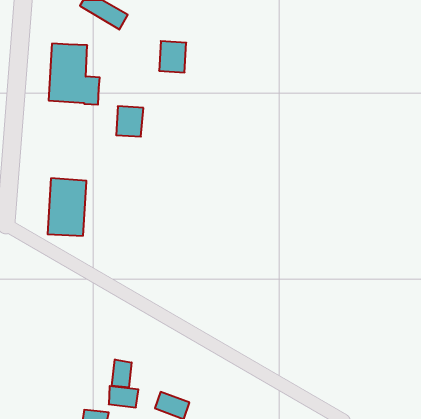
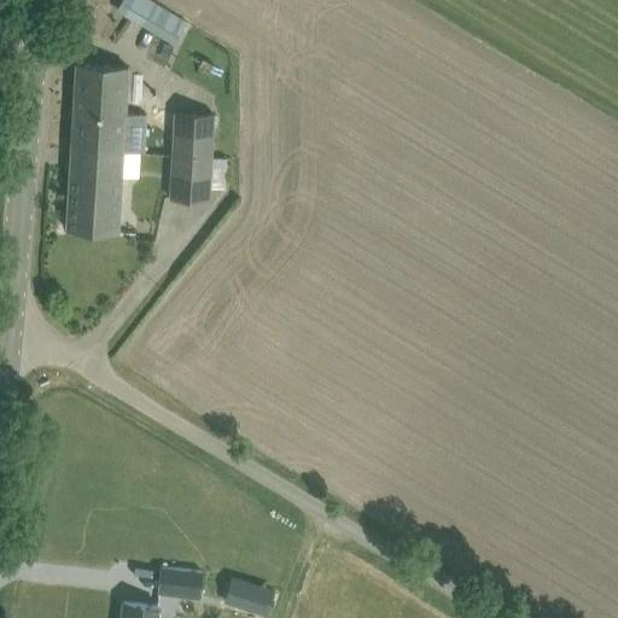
building: [159,41,186,72] -> [173,115,212,161]
building: [48,178,86,236] -> [66,150,123,234]
building: [112,359,132,387] -> none

